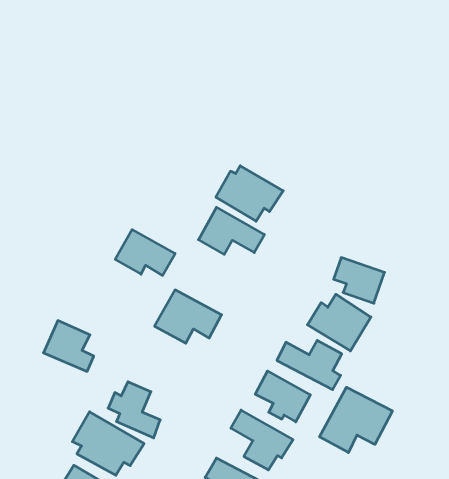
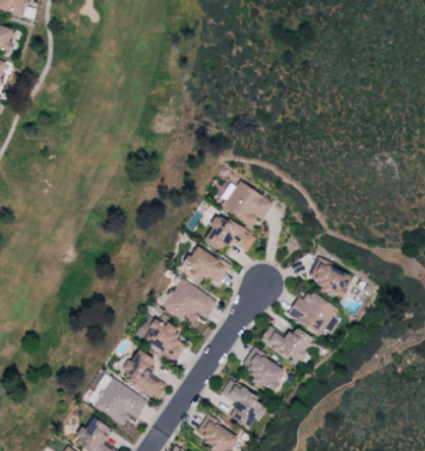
building: [115,230,175,275] -> [181,245,230,283]
building: [43,321,94,371] -> [142,318,183,361]
building: [320,387,392,453] -> none

